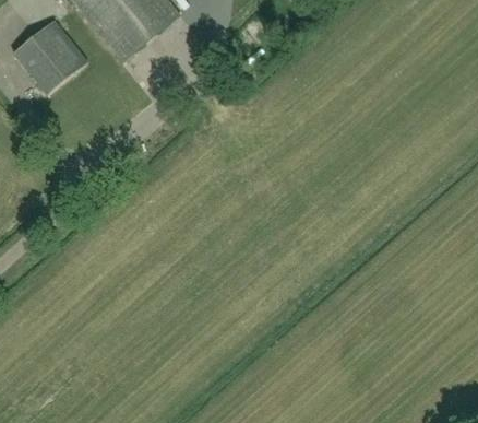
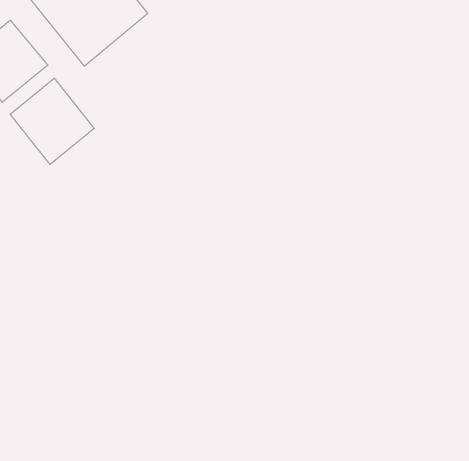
building: none -> [10,78,94,165]

